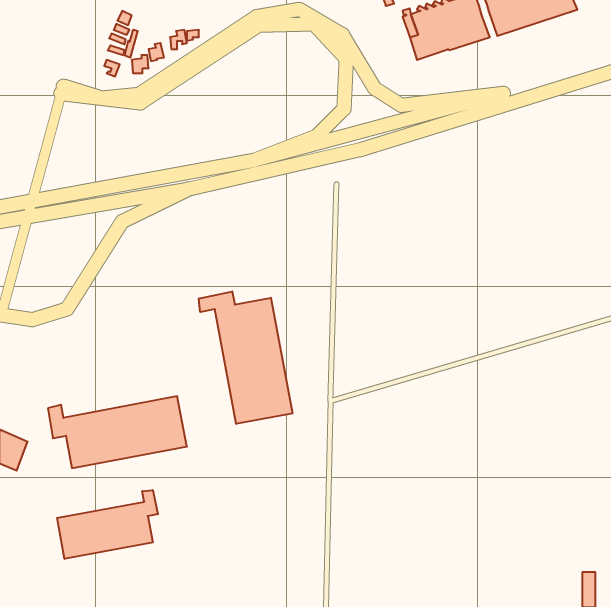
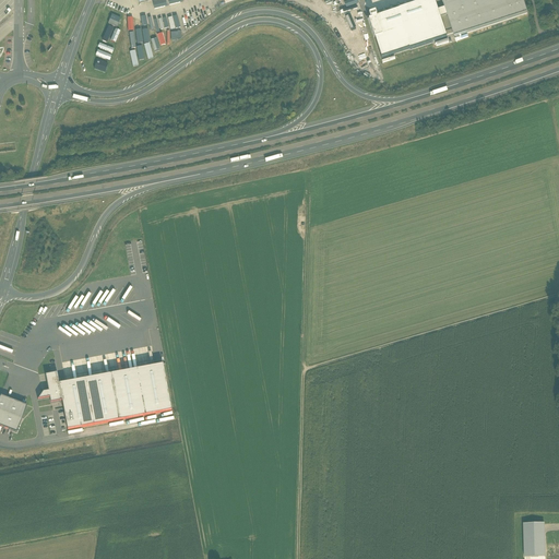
building: [199,291,293,424] -> none
building: [57,490,158,559] -> none

